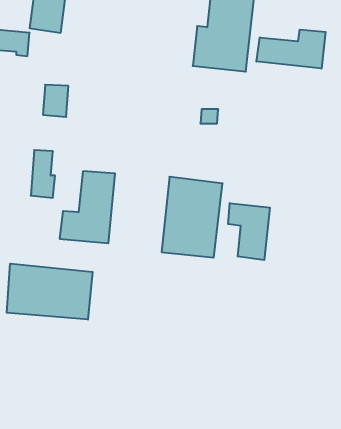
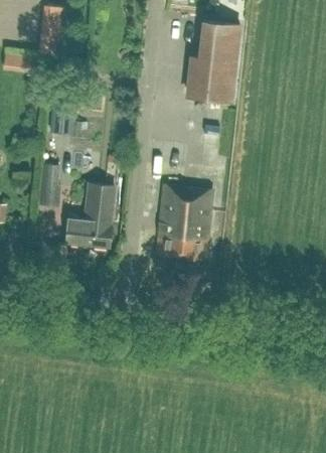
building: [256,30,326,69] -> none
building: [228,203,270,260] -> none
building: [7,264,92,320] -> none

